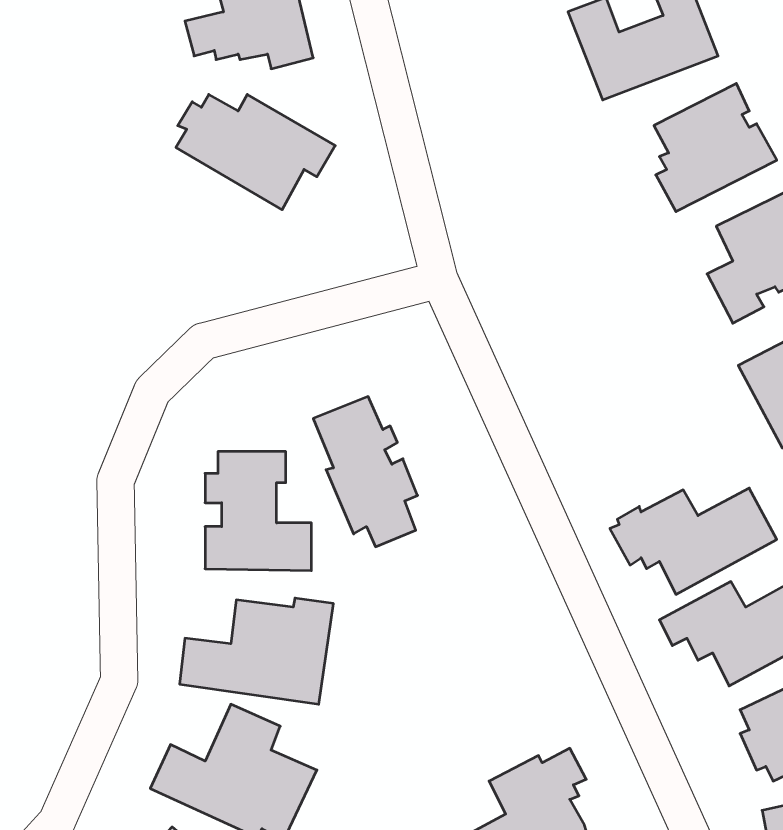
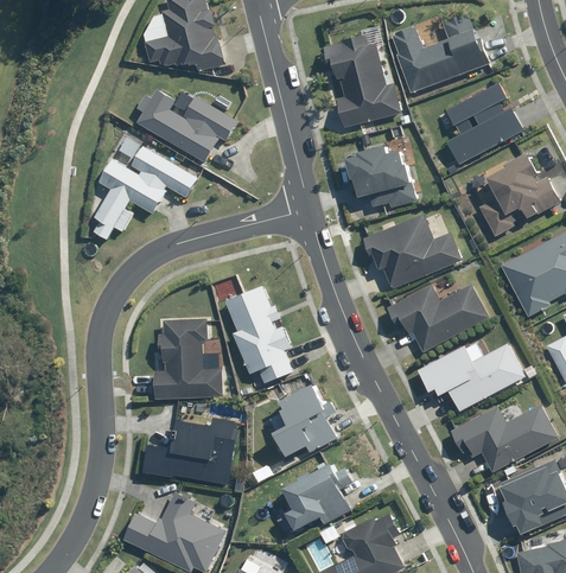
building: none -> [322,34,401,127]
building: none -> [91,145,196,240]
building: none -> [348,145,414,211]
building: none -> [364,215,462,287]
building: none -> [386,274,489,351]
building: none -> [272,382,337,456]
building: none -> [273,460,354,534]

